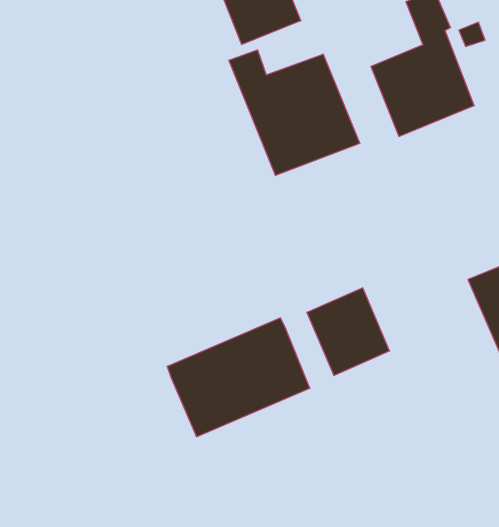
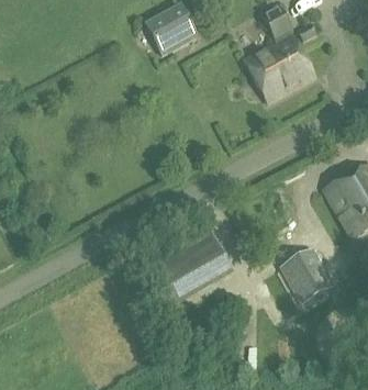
building: [229,50,360,176] -> none
building: [307,288,390,375] -> [277,246,333,304]

